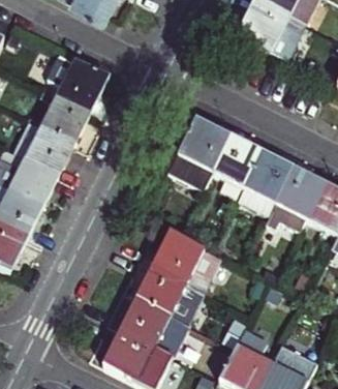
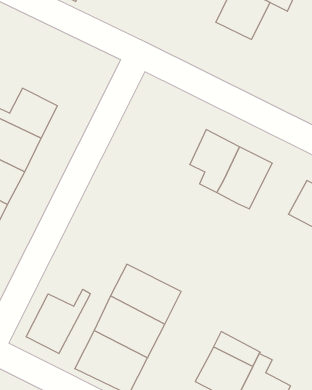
building: [48,54,105,113] -> none
building: [170,118,229,187] -> none
building: [271,168,326,228] -> none
building: [154,229,223,290] -> none
building: none -> [26,289,90,354]

